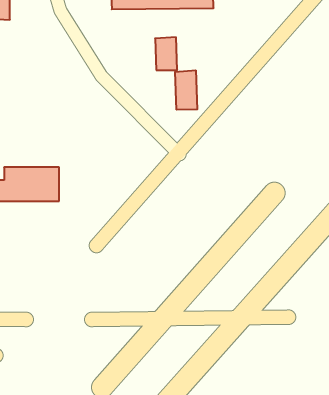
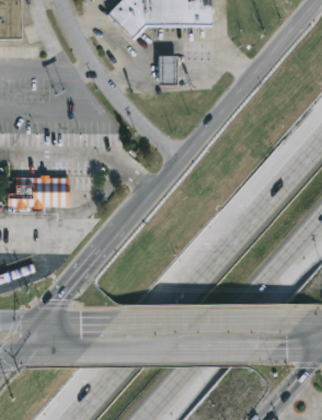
building: [175,70,197,110] -> none

